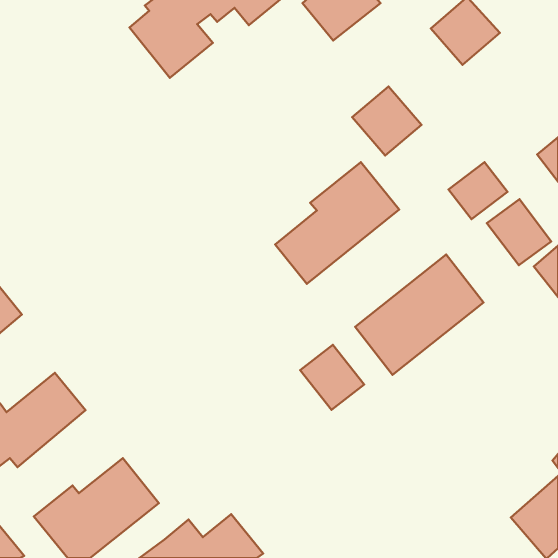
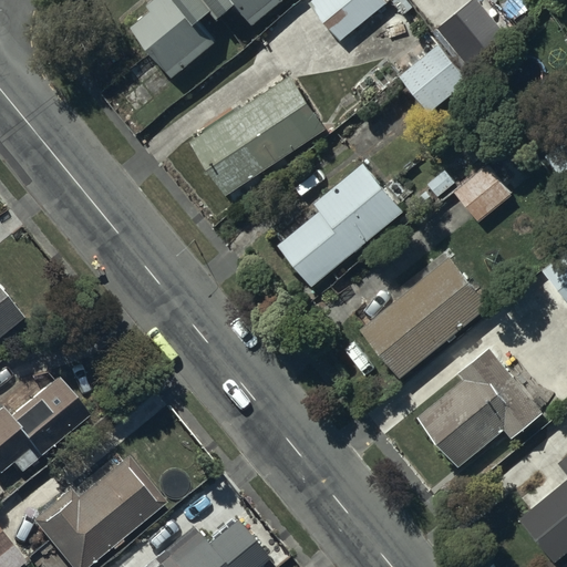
building: none -> [189,75,326,196]
building: [352,87,421,156] -> [398,43,467,113]
building: [487,199,551,265] -> none
building: [300,345,364,410] -> none
building: none -> [416,349,542,468]

